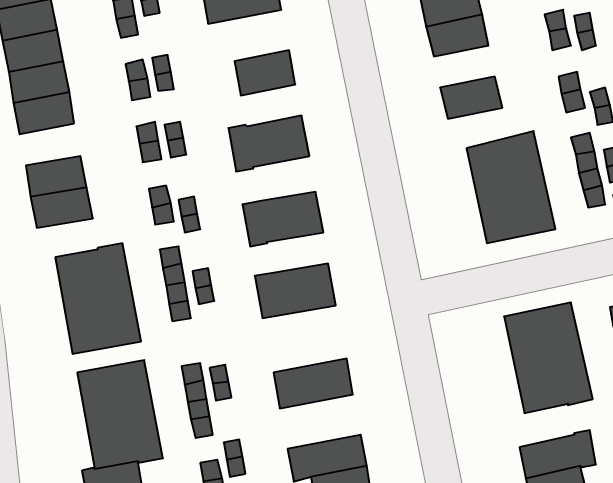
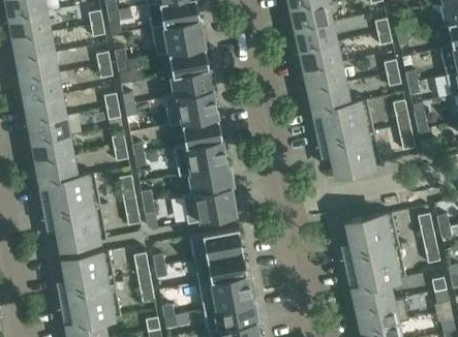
building: none -> [151,20,205,57]
building: none -> [301,43,341,71]
building: none -> [173,69,213,97]
building: none -> [310,85,350,114]
building: none -> [26,95,66,123]
building: none -> [181,117,222,147]
building: none -> [37,158,78,186]
building: none -> [190,167,231,194]
building: none -> [189,227,243,261]
building: none -> [199,275,252,311]
building: none -> [353,281,394,310]

